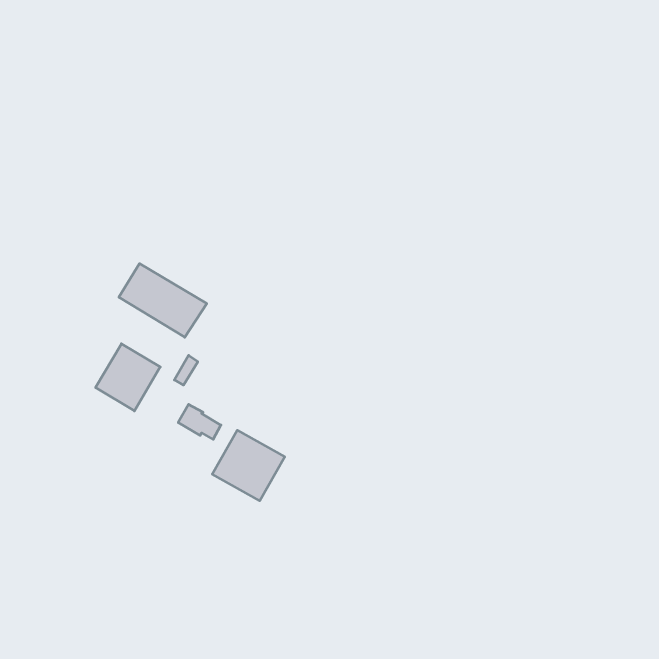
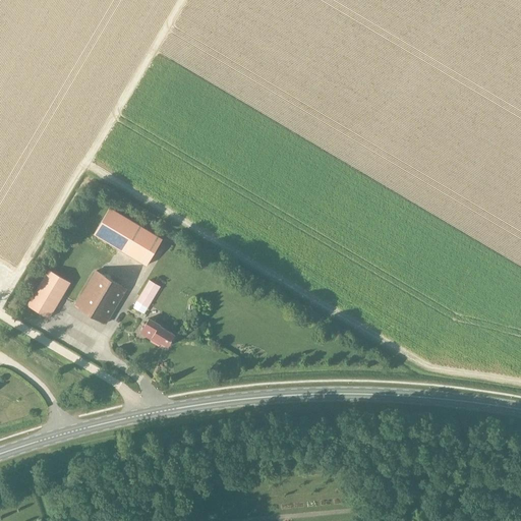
building: none -> [27,270,71,319]
building: [212,430,285,501] -> none

